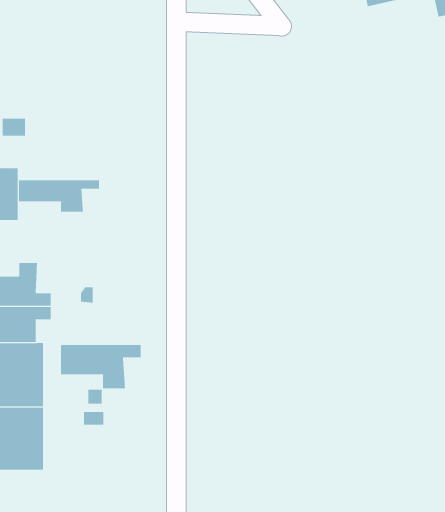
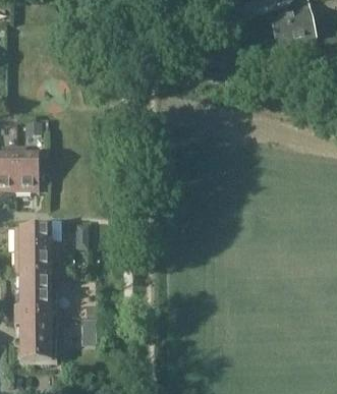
building: [18,179,99,212] -> none
building: [61,344,141,389] -> none

